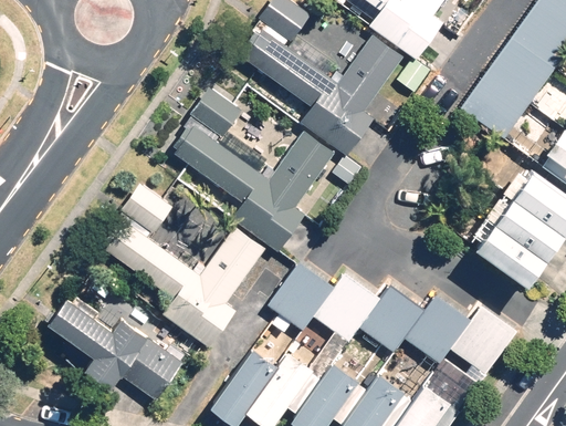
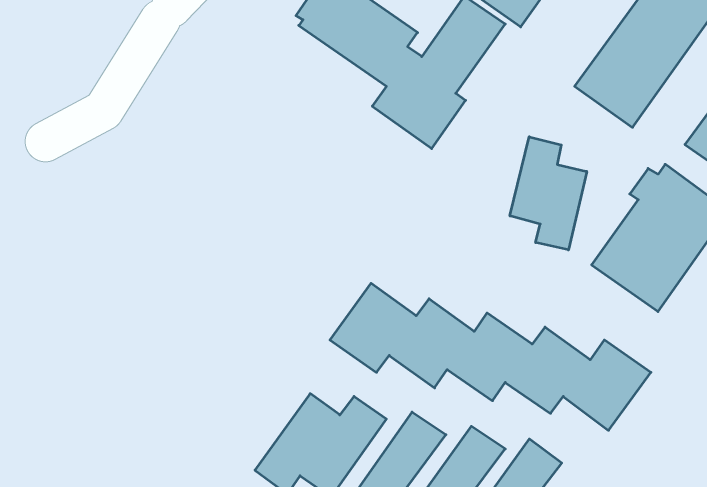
building: [169,87,335,252] -> none
building: none -> [510,137,587,250]
building: [103,184,266,349] -> none
building: [46,298,186,402] -> none

